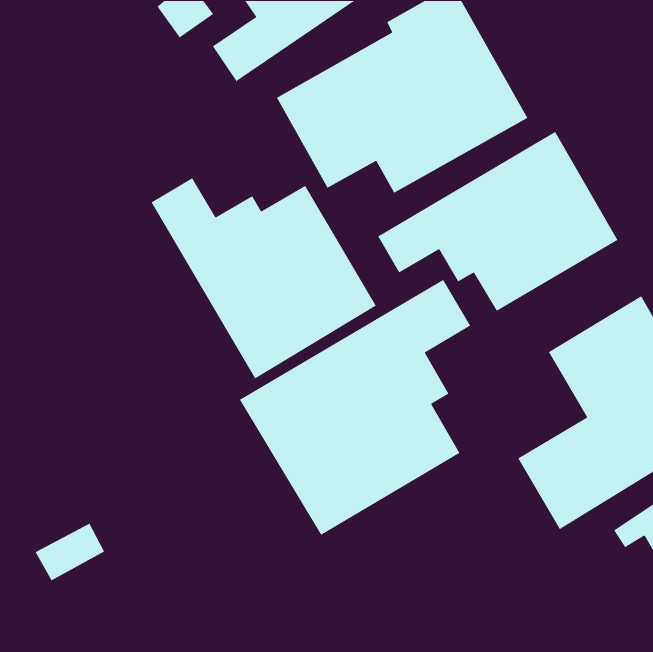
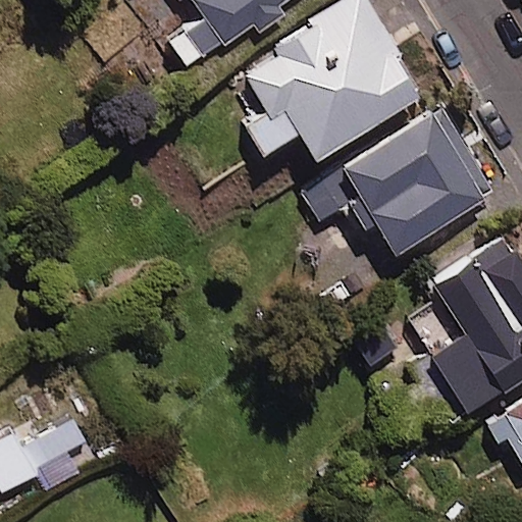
building: [150,177,377,379] -> none
building: [239,279,471,536] -> none

